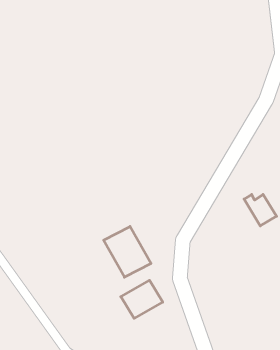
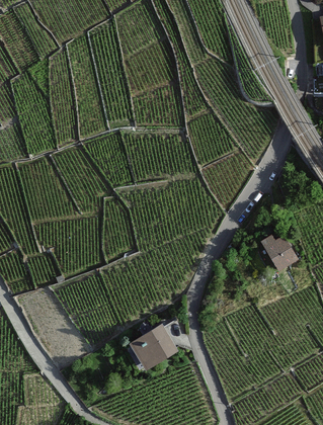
building: [104,226,151,277] -> none

